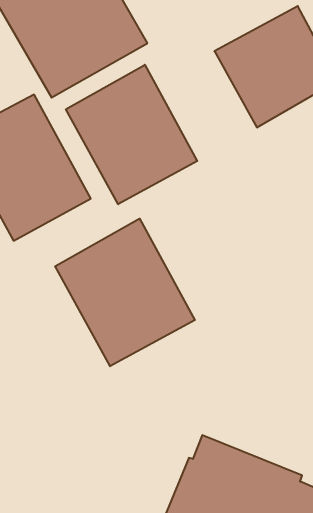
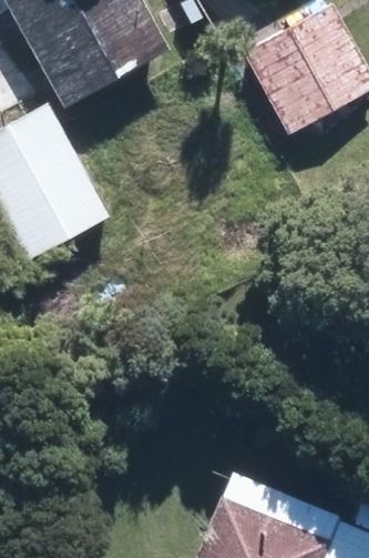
building: [66,65,197,204] -> none
building: [55,219,195,366] -> none

